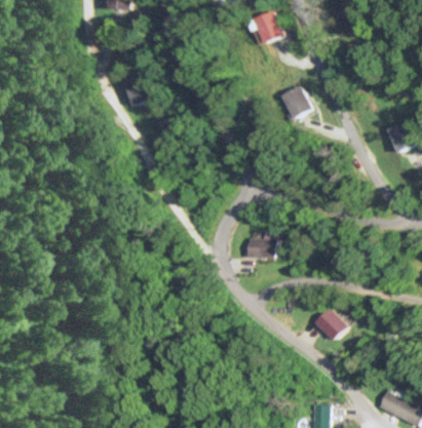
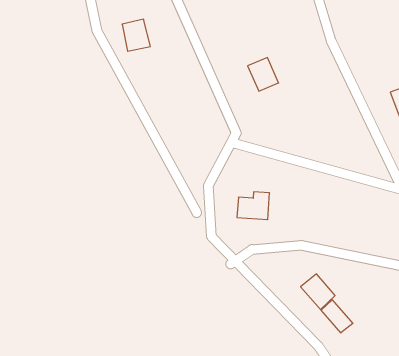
building: [279,85,310,118] -> [248,58,279,91]
building: none -> [321,300,353,333]

